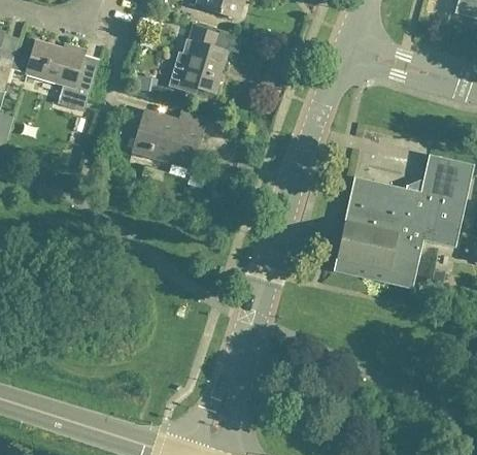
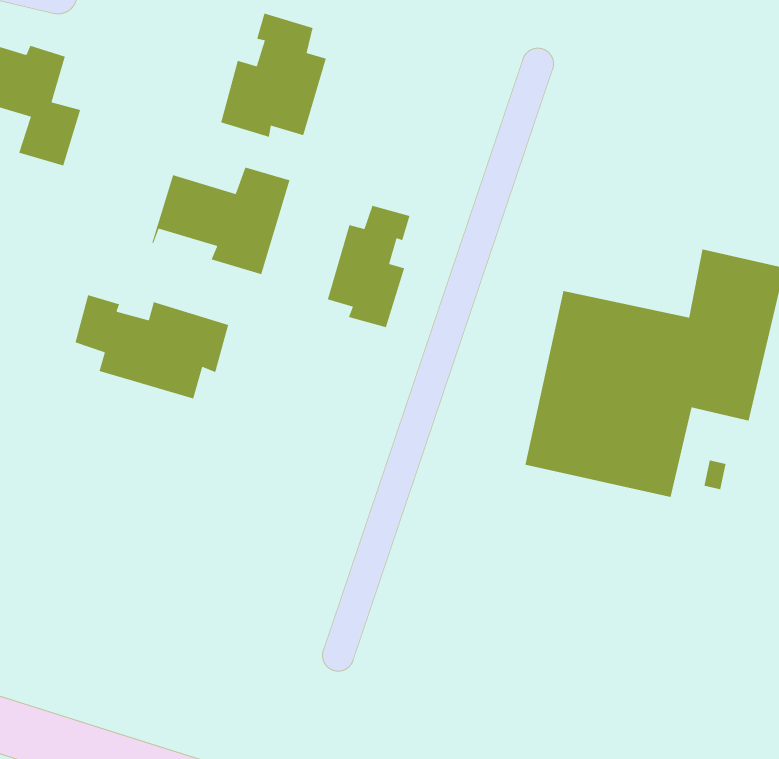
building: none -> [327,205,410,328]
building: none -> [74,294,229,399]

